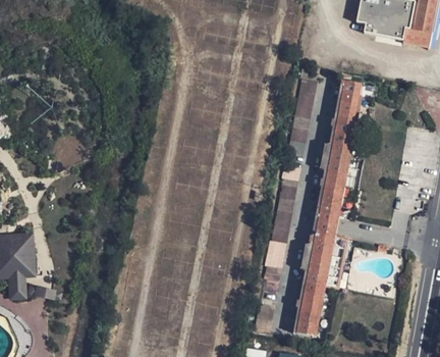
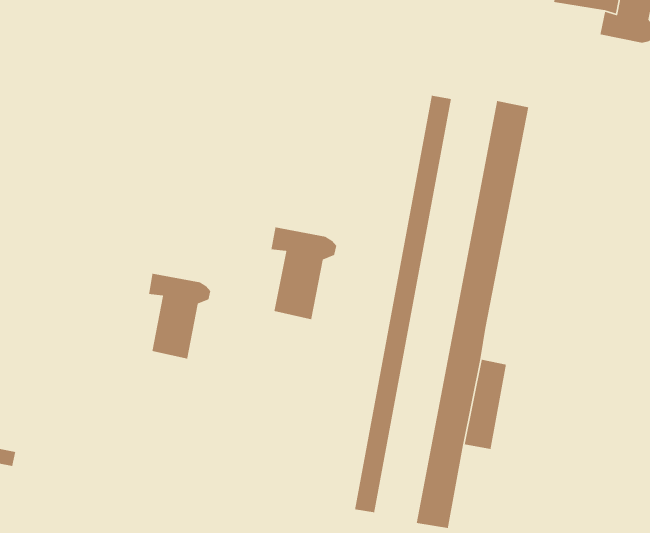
building: none -> [271,226,337,320]
building: none -> [148,273,211,360]

